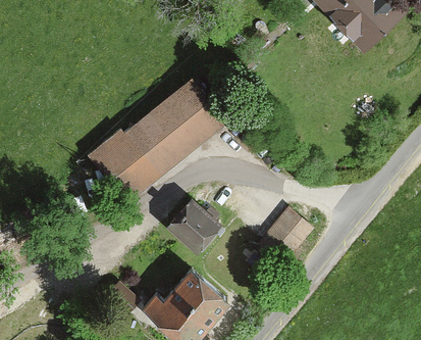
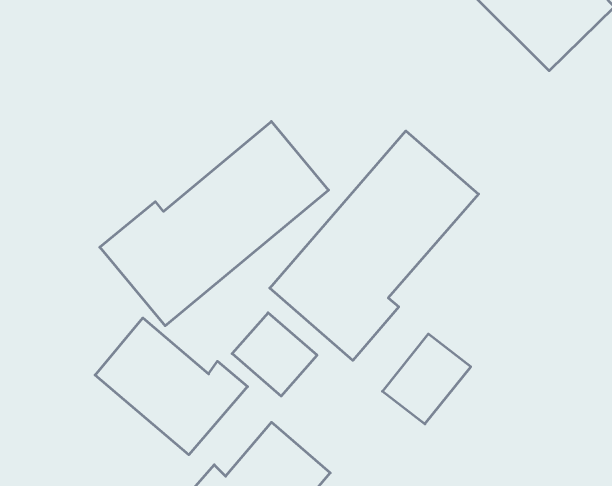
building: none -> [270,131,479,360]
building: none -> [95,318,248,455]

